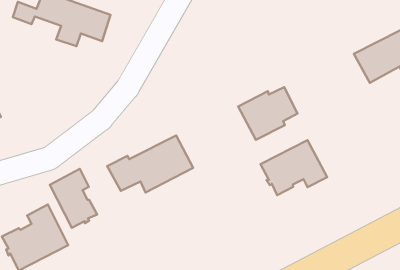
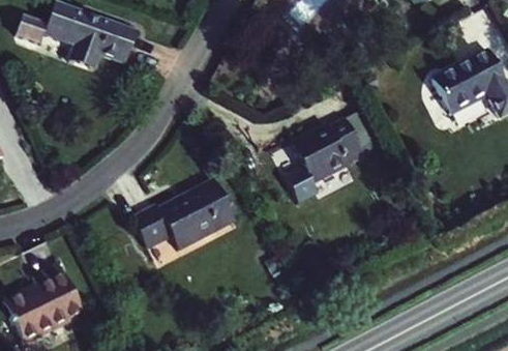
building: [261,140,327,195] -> none
building: [50,169,97,228] -> none

